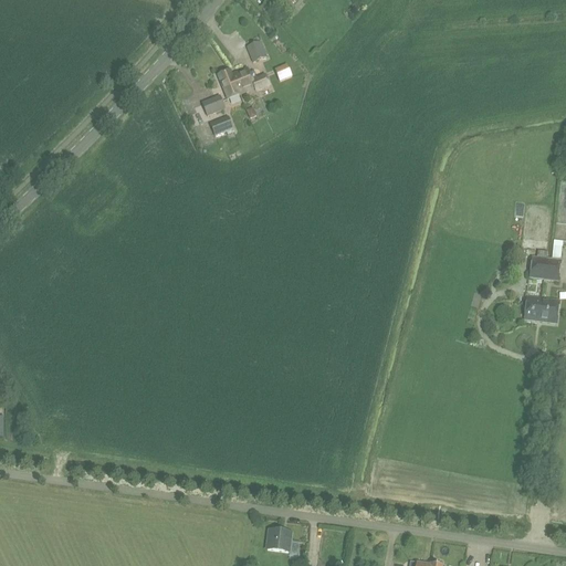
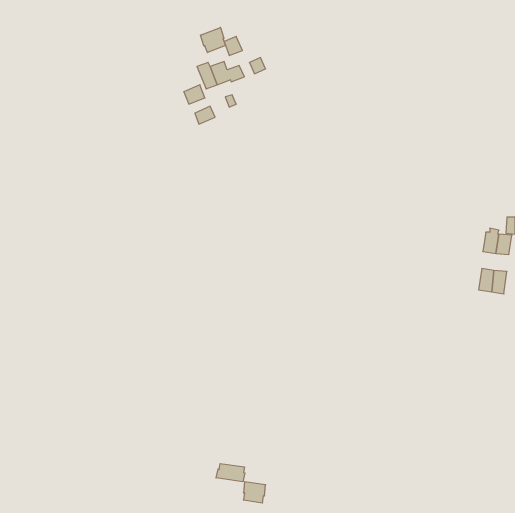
building: none -> [200,27,226,53]
building: none -> [216,464,245,482]

